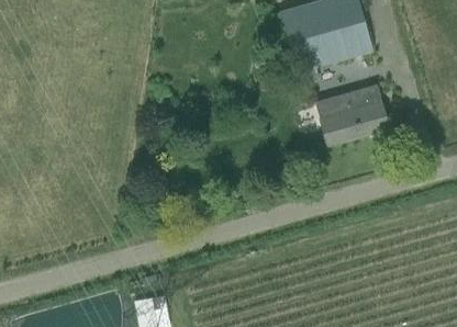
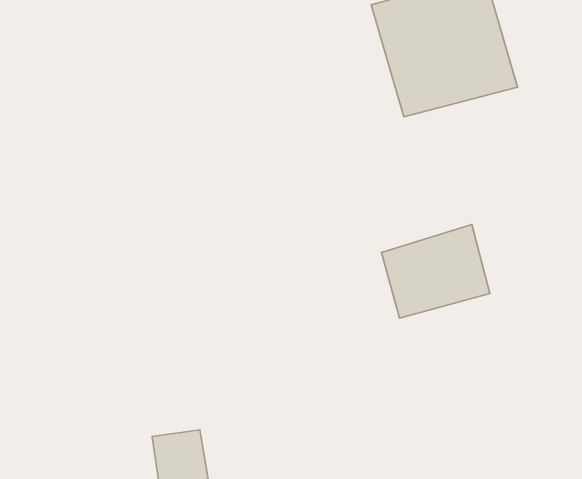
building: [315,82,388,145] -> [381,224,490,318]

